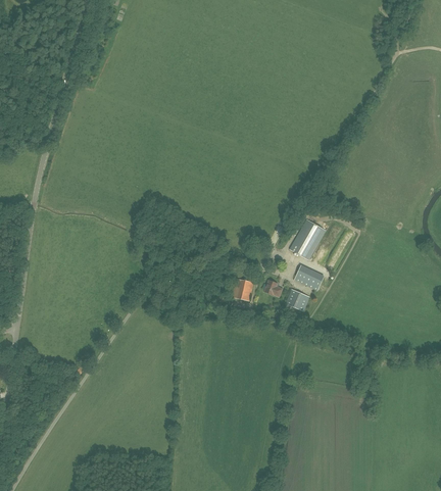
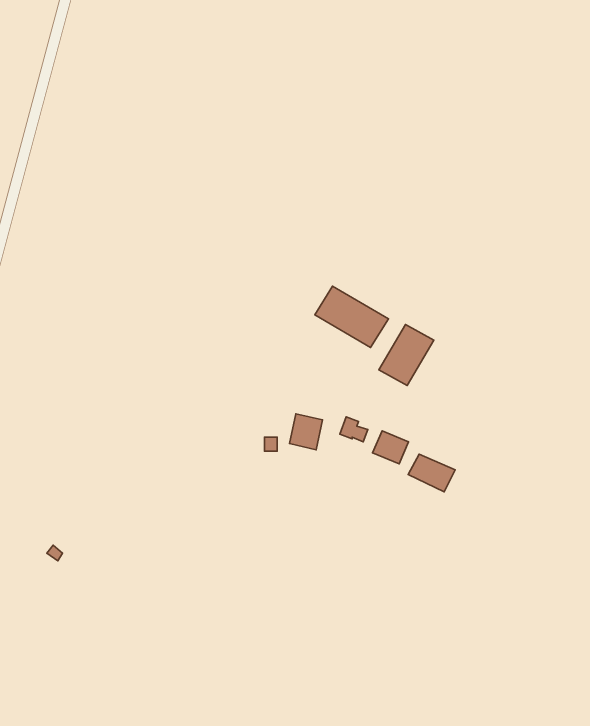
building: none -> [315,286,388,348]
building: [293,265,324,290] -> [408,454,455,492]

